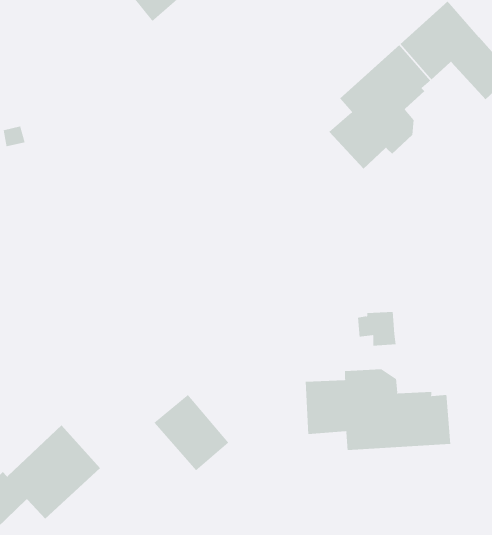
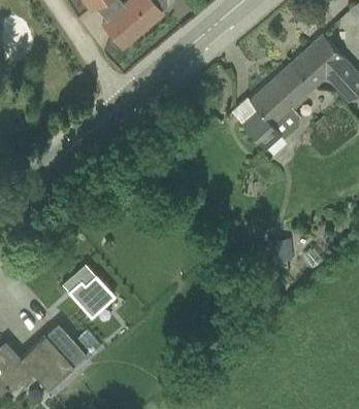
building: [305,369,451,451] -> none
building: [154,394,229,471] -> [59,264,110,316]

